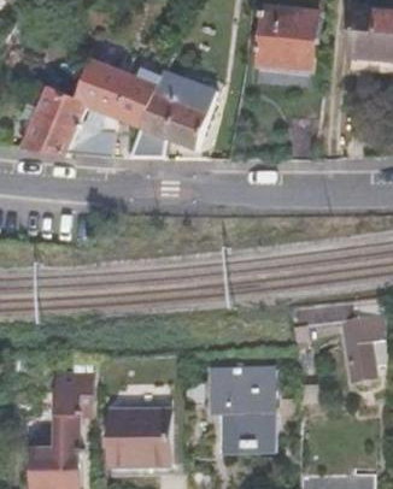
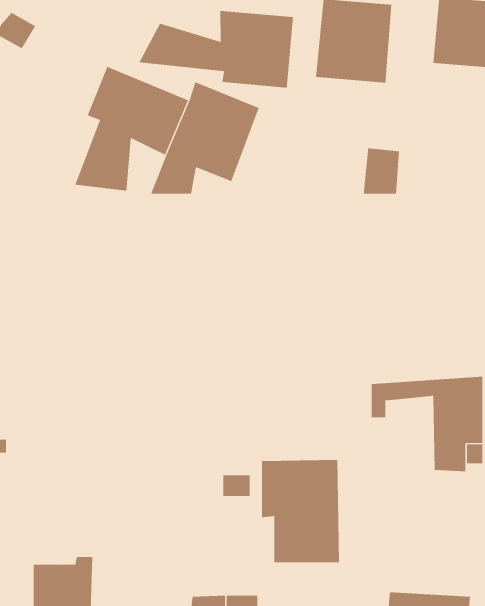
building: none -> [139,10,293,89]
building: [19,84,86,157] -> none
building: [54,371,94,448] -> none
building: [110,408,170,463] -> none

